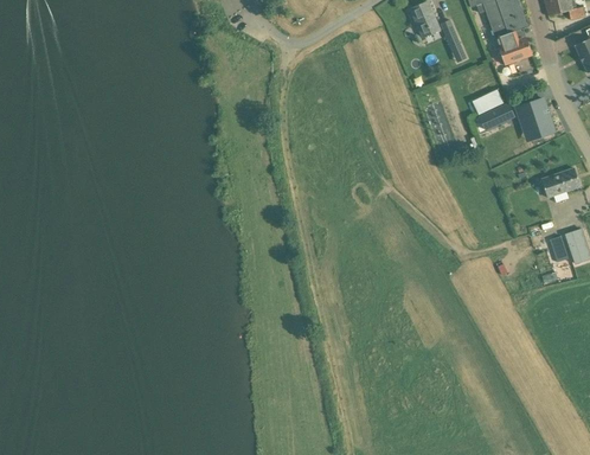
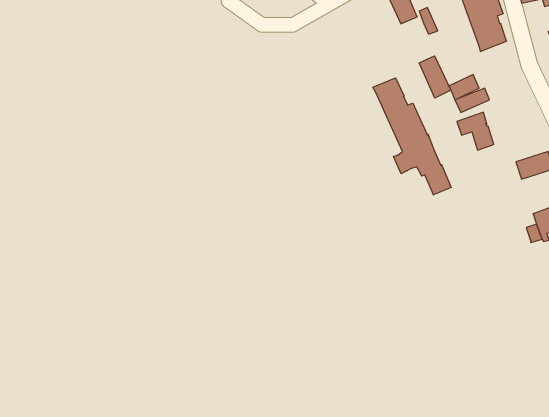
building: none -> [419,56,451,98]
building: none -> [373,78,451,195]
building: [517,98,554,137] -> [457,112,494,150]

